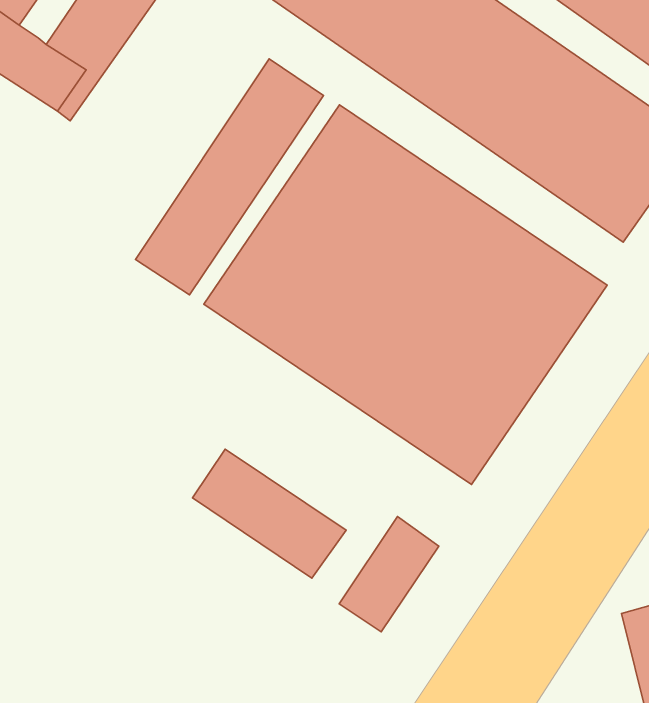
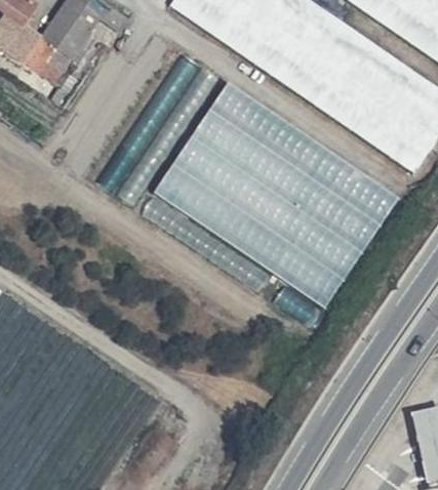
building: [193,449,346,578] -> none
building: [339,516,439,632] -> none

